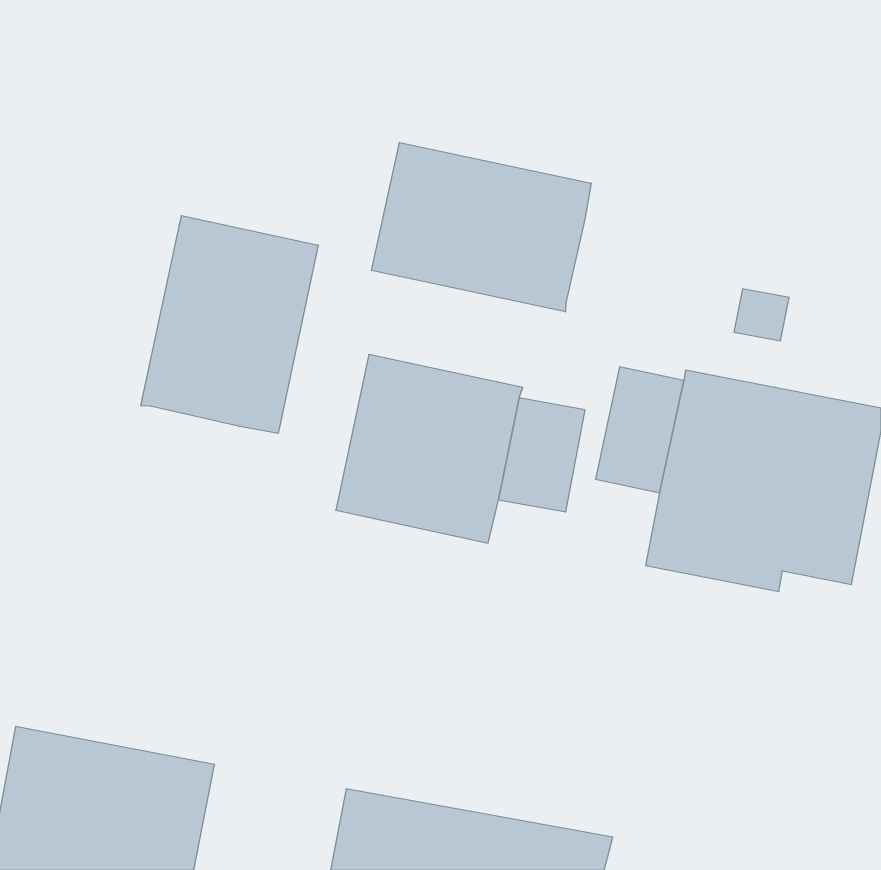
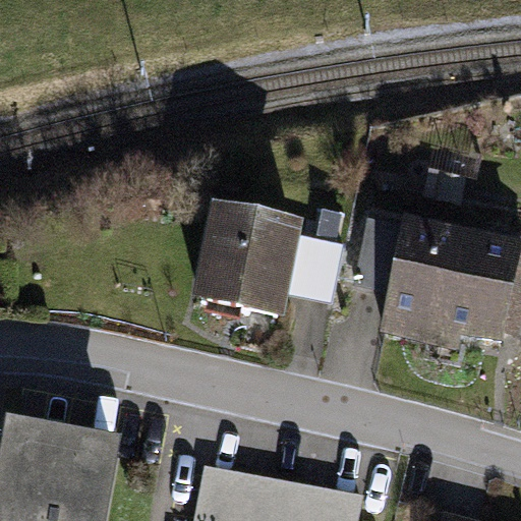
building: [372,142,591,312] -> none
building: [141,216,318,433] -> none

